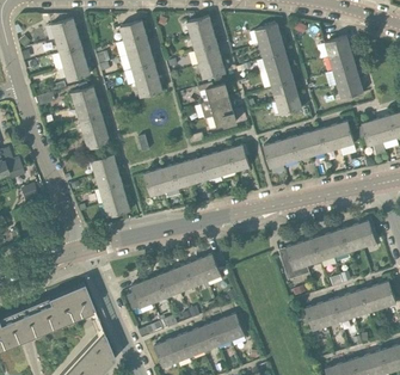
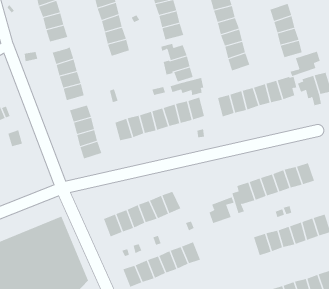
building: none -> [290,51,320,77]
building: none -> [170,77,204,96]
building: none -> [209,197,235,224]

